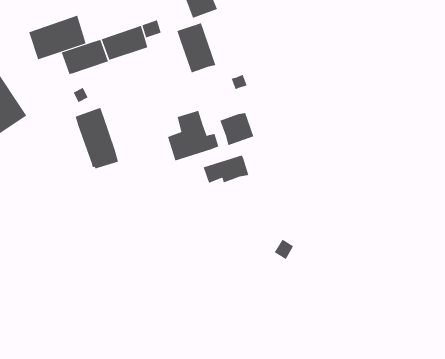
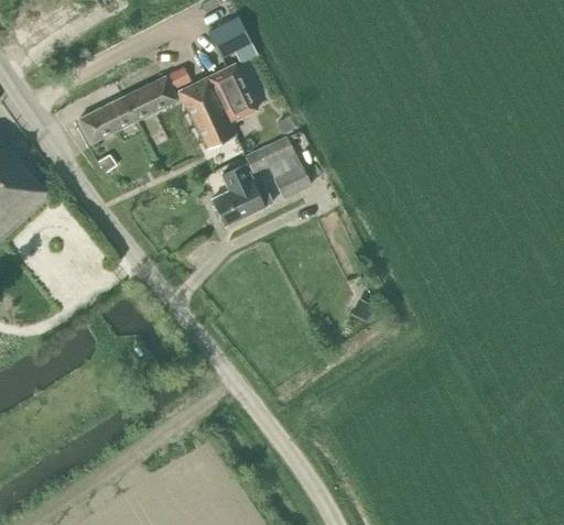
building: [29,15,86,60] -> none
building: [75,107,119,169] -> [178,76,236,147]
building: [203,155,249,183] -> [245,136,299,174]

